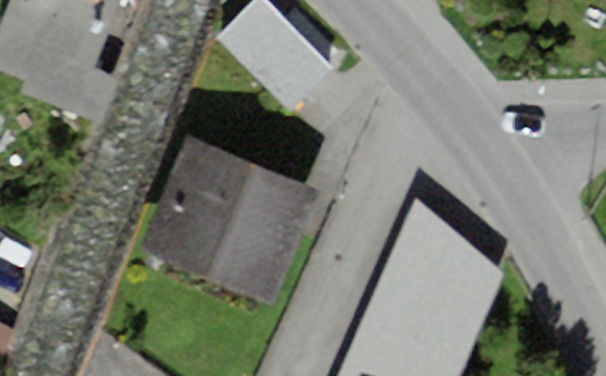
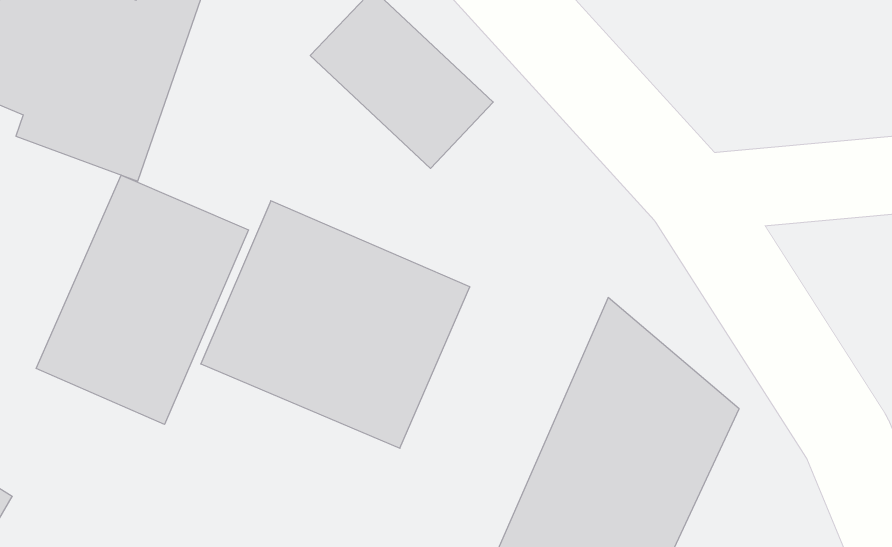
building: none -> [36,175,249,424]

